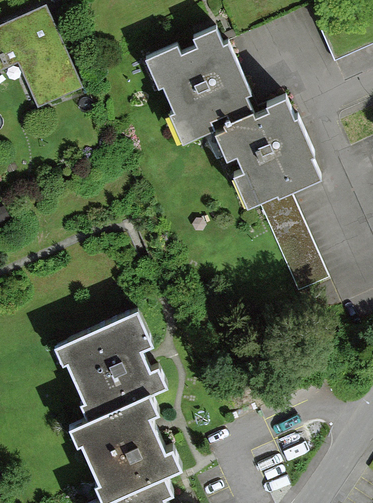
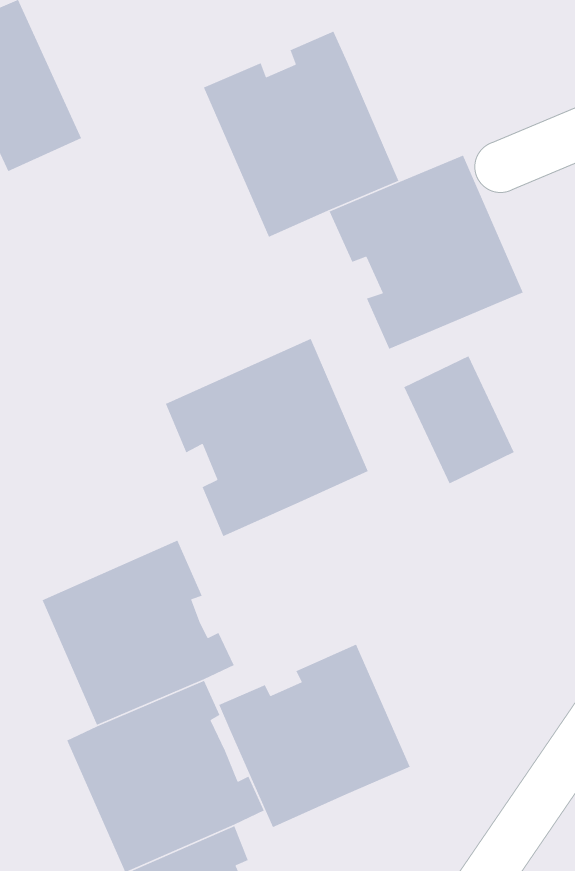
building: none -> [165,338,369,537]
building: none -> [218,643,411,828]

